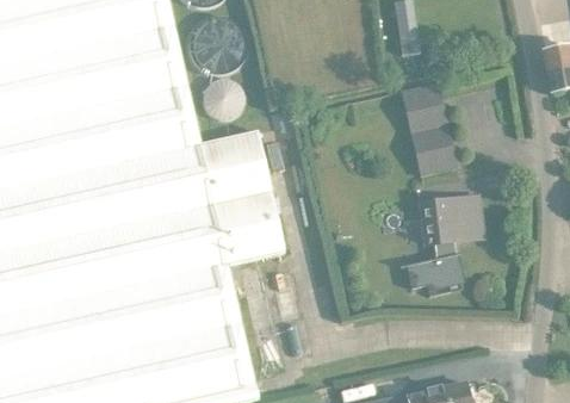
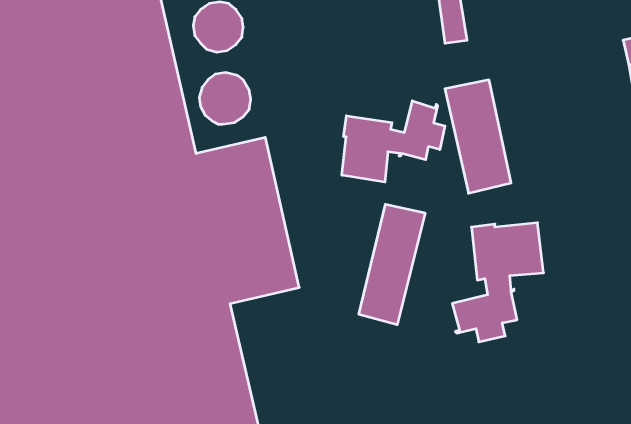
building: none -> [342,101,445,182]
building: none -> [359,204,425,325]

